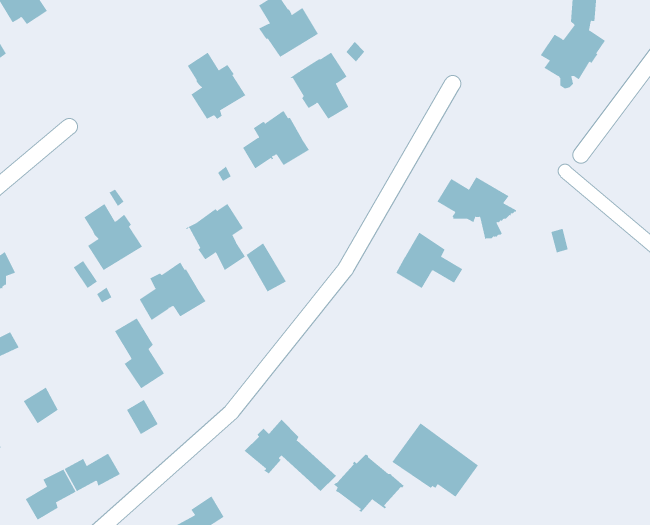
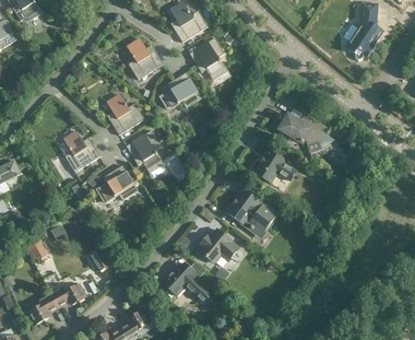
building: none -> [106,93,143,133]
building: [114,317,165,389] -> none
building: [391,423,479,497] -> [224,187,277,233]
building: [333,454,405,513] -> [195,226,239,262]

